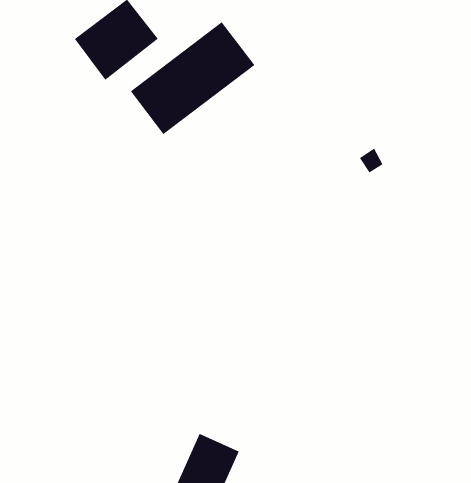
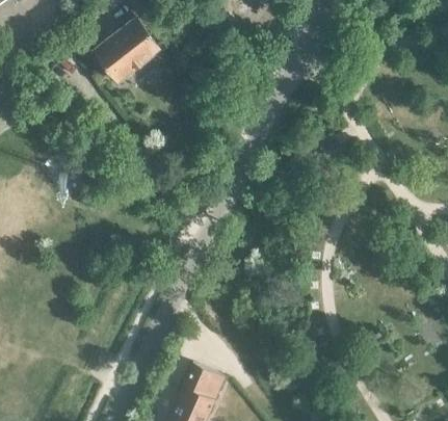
building: [130,21,255,135] -> none

